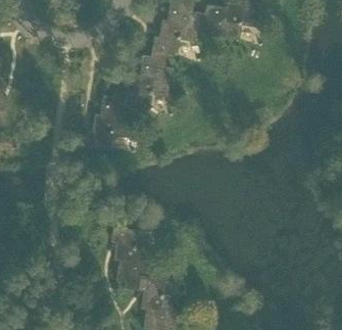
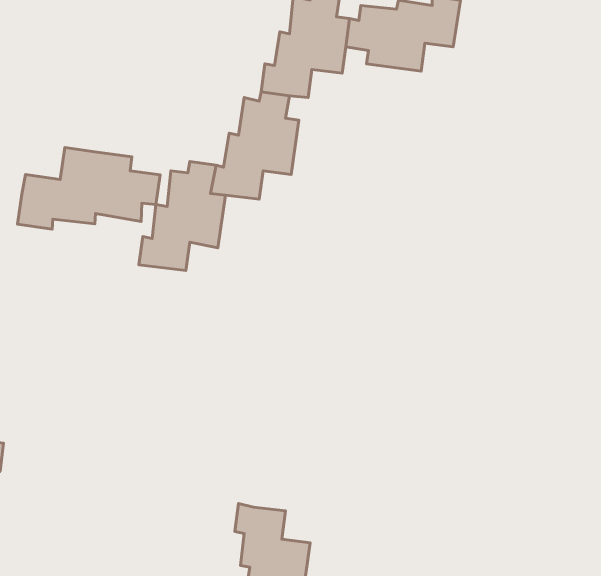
building: none -> [18,148,160,229]
building: [111,227,152,290] -> none

